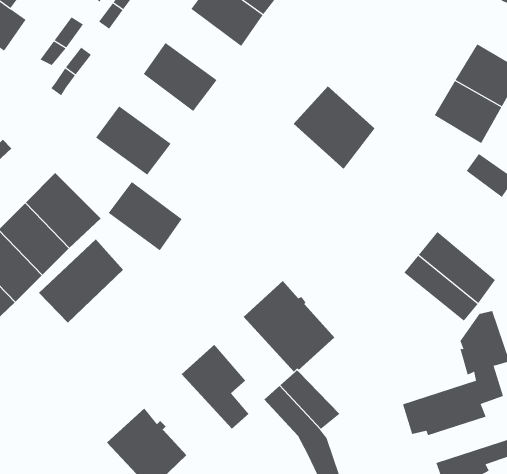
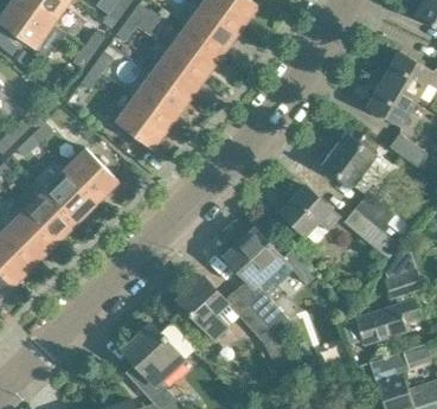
building: none -> [166,25,223,78]
building: [293,86,376,170] -> [323,135,385,198]
building: [108,181,183,251] -> [131,74,187,126]
building: none -> [279,185,336,242]
building: [38,239,124,324] -> none

